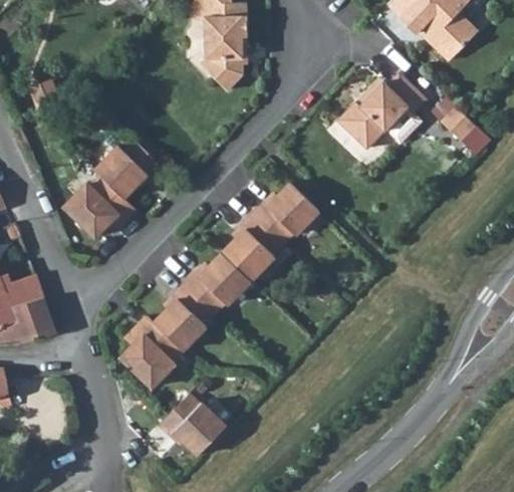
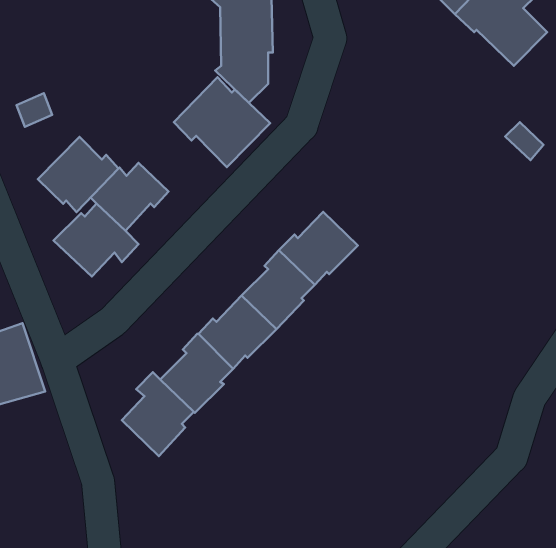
building: none -> [174,77,270,167]
building: [336,71,427,148] -> none
building: none -> [38,137,119,212]
building: [160,394,225,454] -> none

